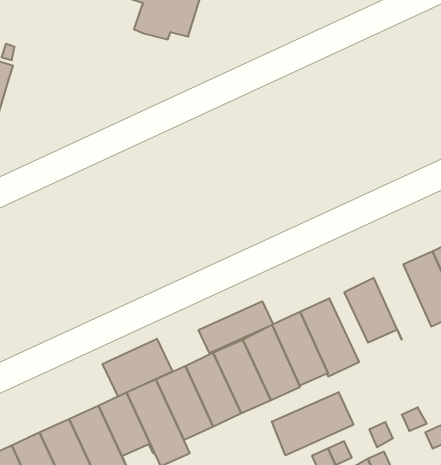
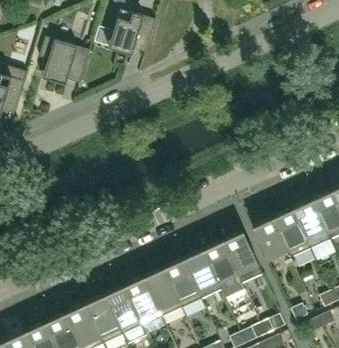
building: none -> [40,37,90,85]
building: none -> [272,207,311,258]
building: [199,301,273,353] -> none
building: [103,339,172,397] -> none
building: [272,392,353,455] -> none

